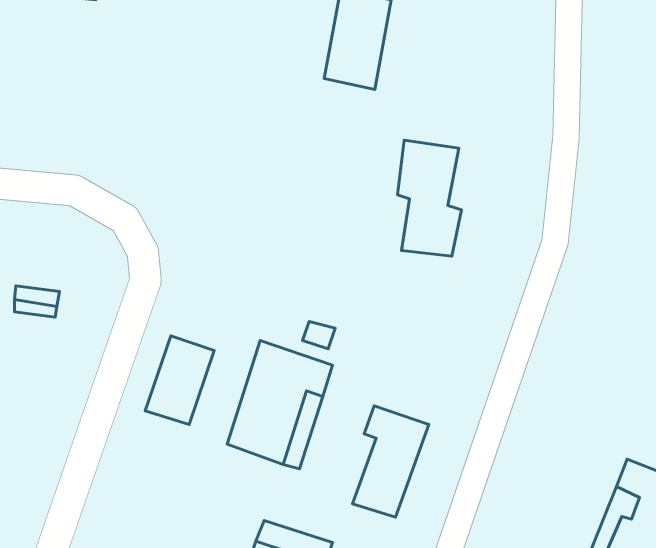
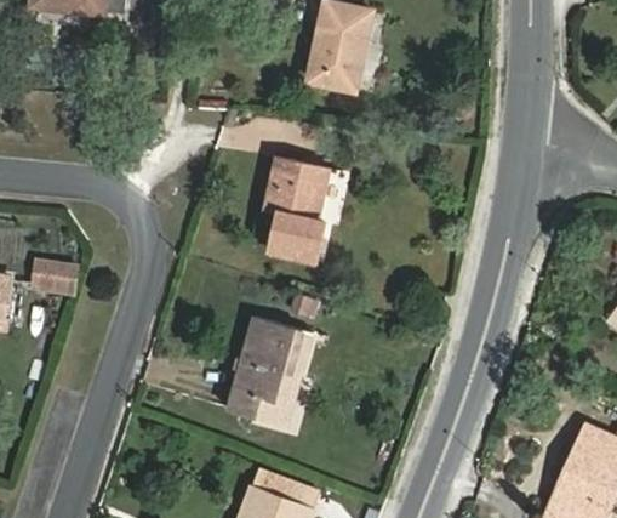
building: [397,140,462,256] -> [269,160,326,263]
building: [145,336,214,424] -> none
building: [353,406,429,517] -> none

